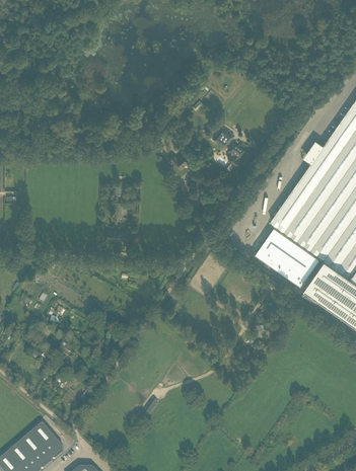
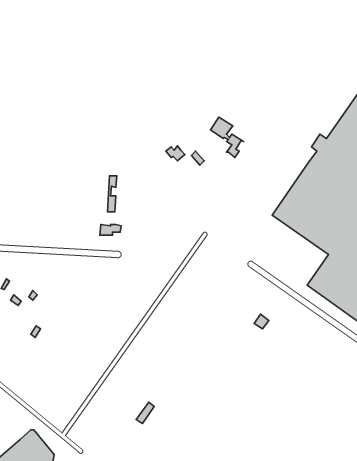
building: [255,229,318,288] -> none

